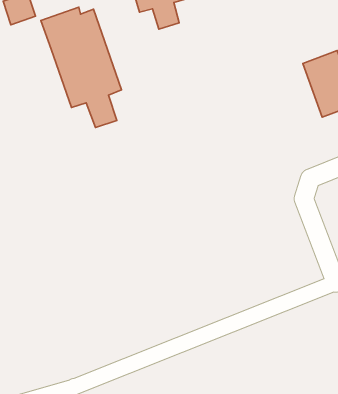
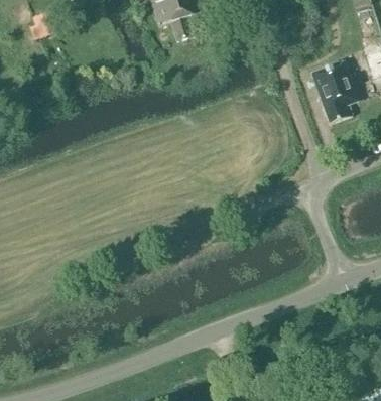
building: [41,7,122,127] -> none

